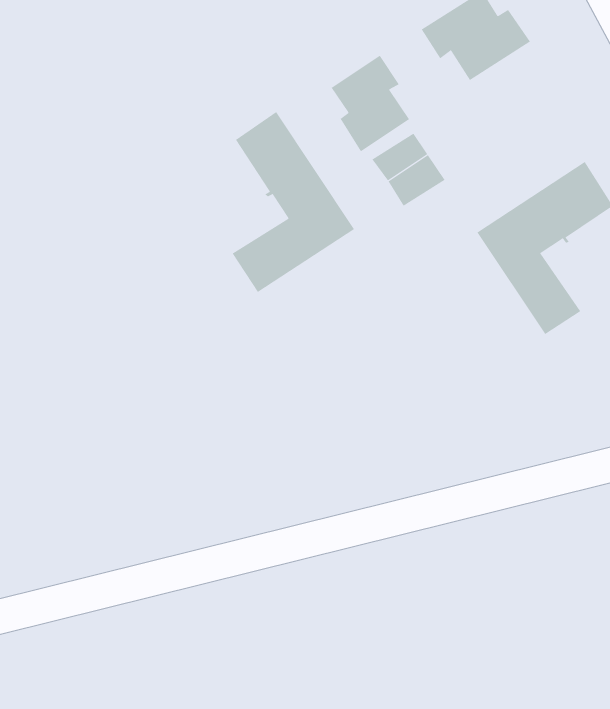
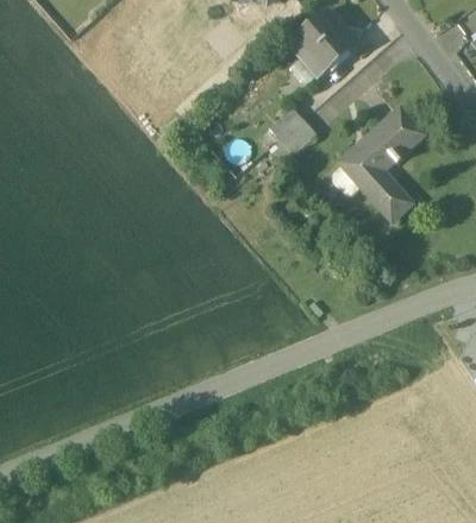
building: [331,55,410,152] -> none
building: [232,111,355,293] -> none

